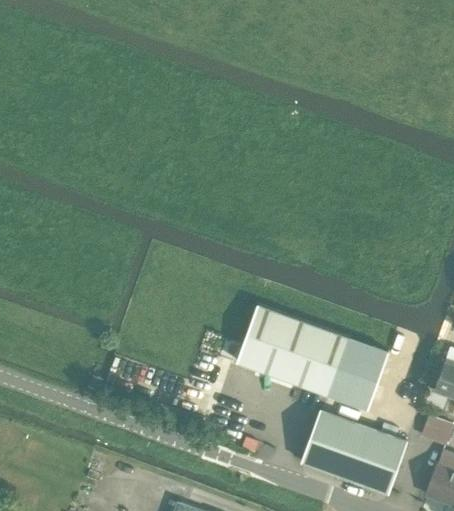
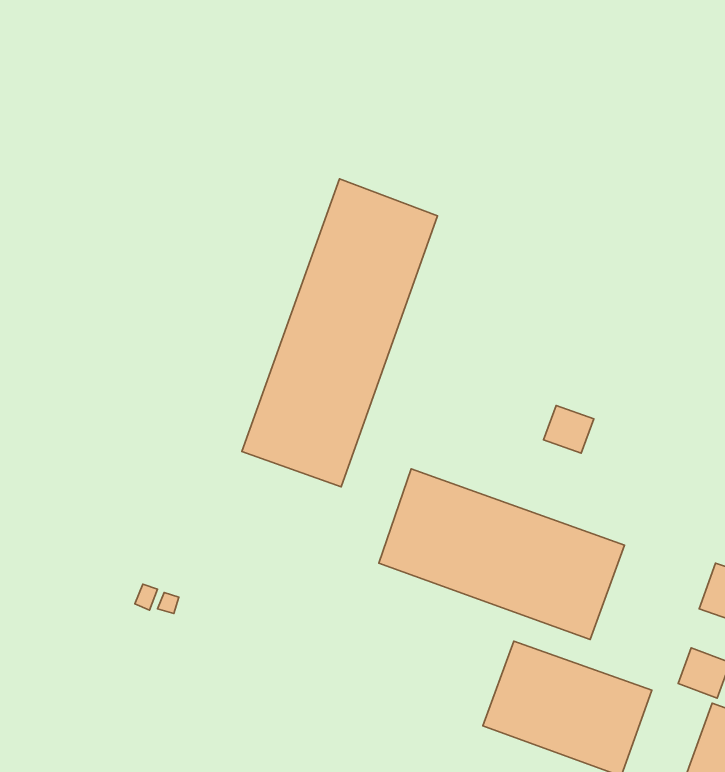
building: none -> [242,179,438,487]
building: none -> [544,405,594,453]

